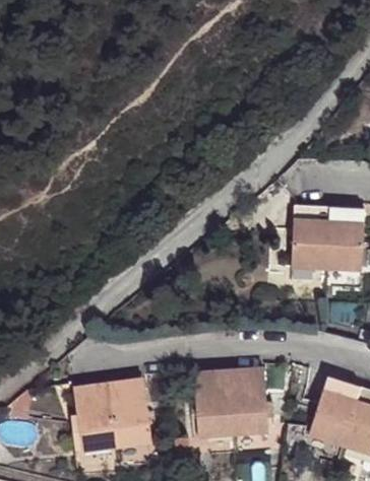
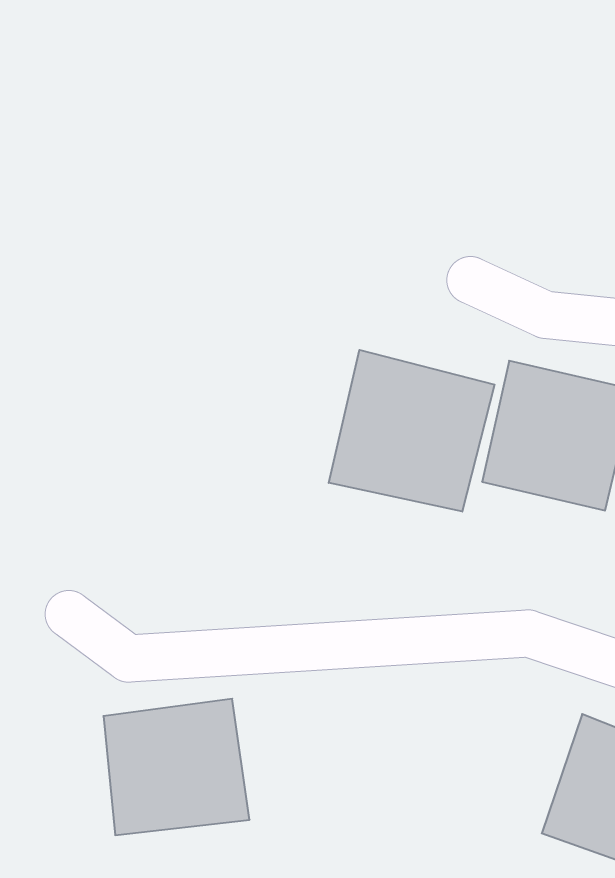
building: none -> [329,350,495,512]
building: [199,365,271,438] -> none

